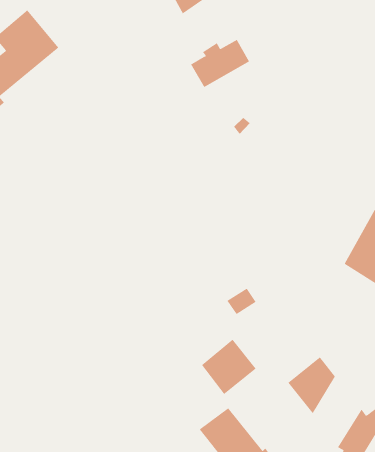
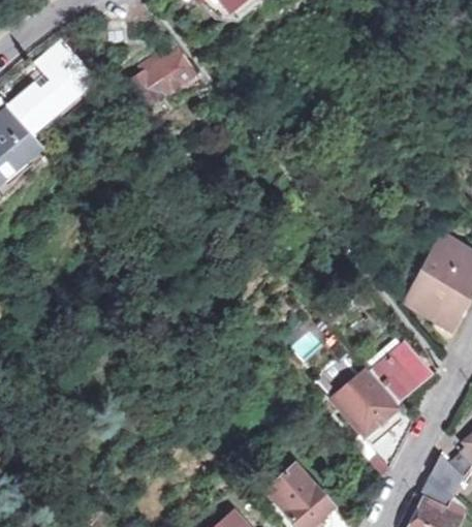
building: [190,39,250,88] -> [128,60,193,116]
building: none -> [371,338,432,394]
building: [201,339,257,395] -> [333,369,394,431]

